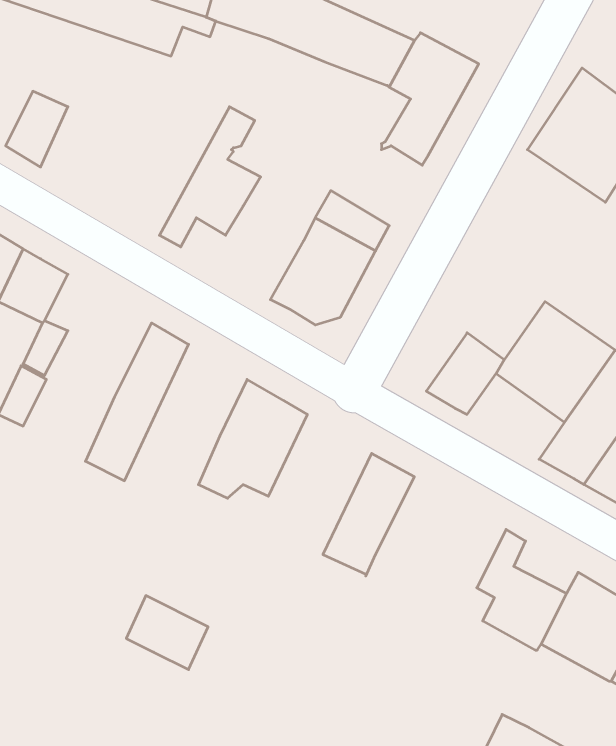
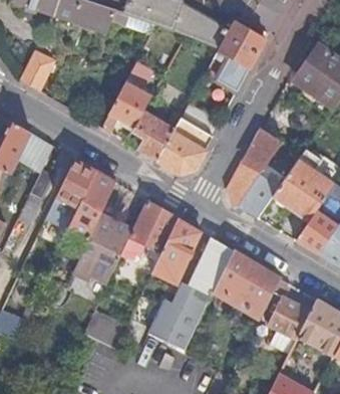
building: none -> [134,111,175,159]
building: none -> [230,128,283,206]
building: none -> [55,158,96,209]
building: none -> [77,218,131,282]
building: none -> [151,218,201,285]
building: none -> [212,250,279,317]
building: none -> [147,287,207,353]

